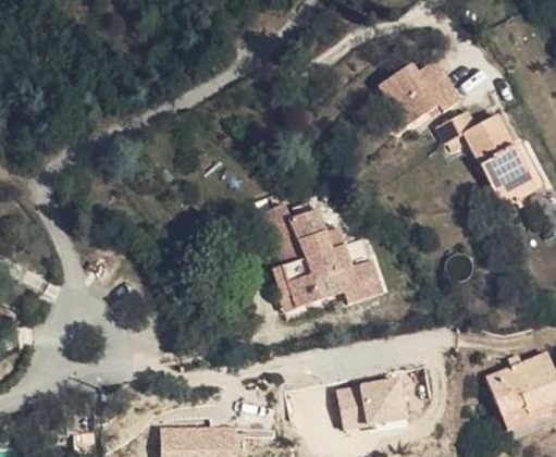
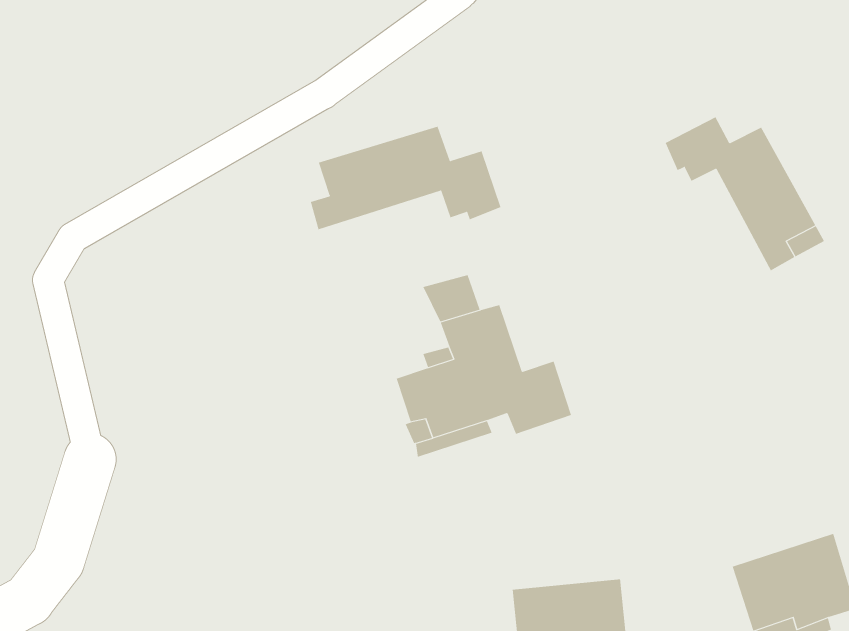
building: [379,49,461,119] -> none
building: none -> [310,126,501,230]

